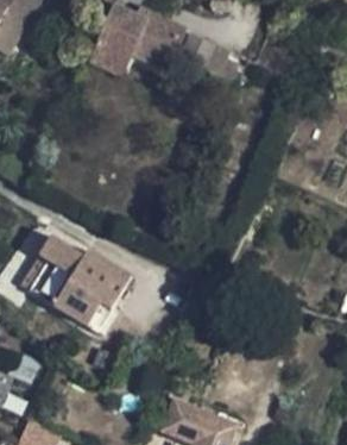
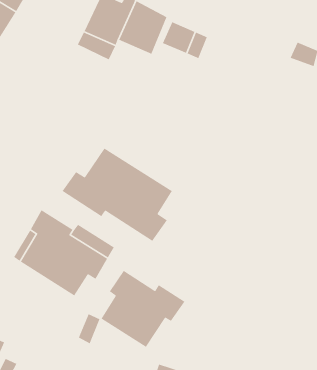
building: none -> [61,148,173,242]
building: none -> [100,270,185,348]

